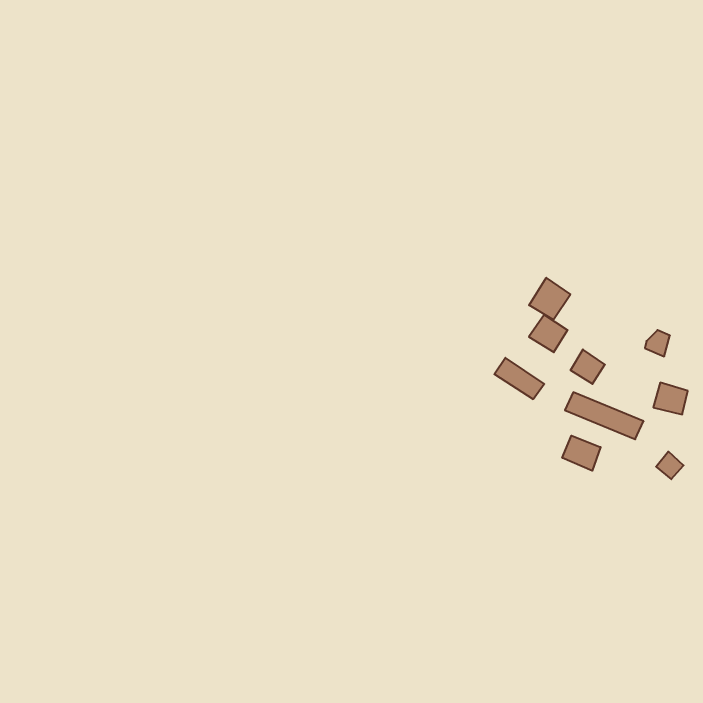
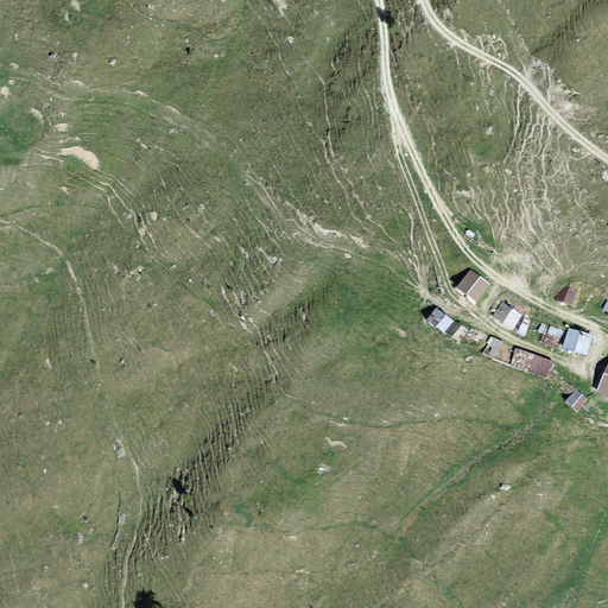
building: [529,278,570,320] -> none
building: [562,436,601,471] -> none

